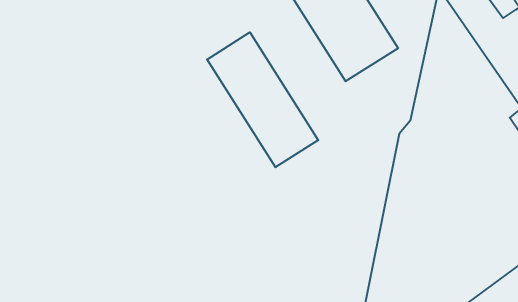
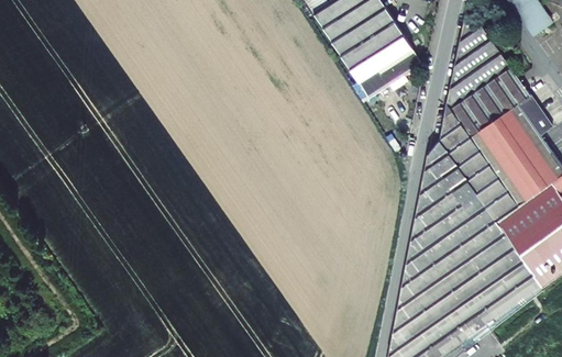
building: [207,32,318,167] -> none

